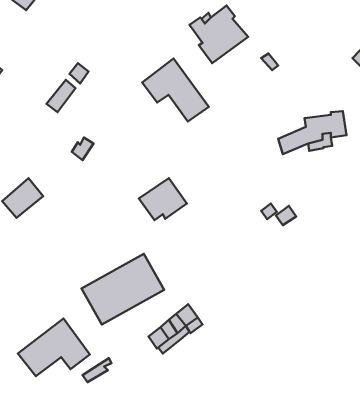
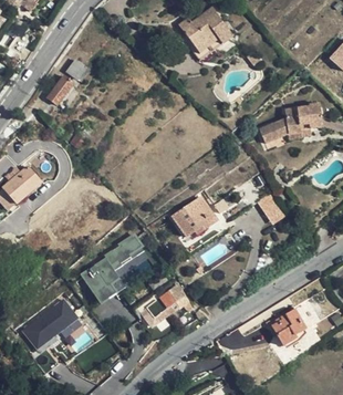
building: [142,59,209,121] -> none
building: [139,178,187,220] -> [173,197,217,236]
building: none -> [271,311,304,346]

